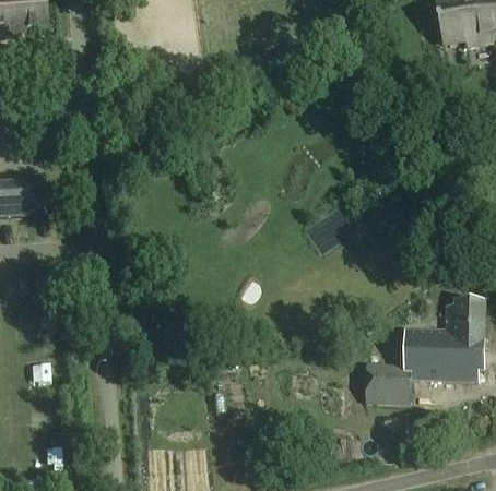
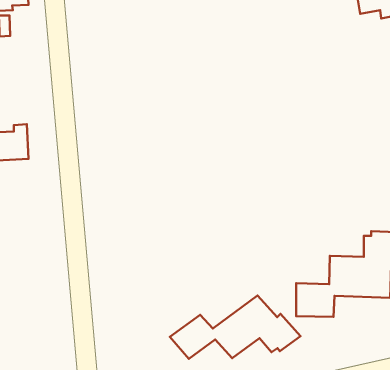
building: none -> [170,295,300,359]

